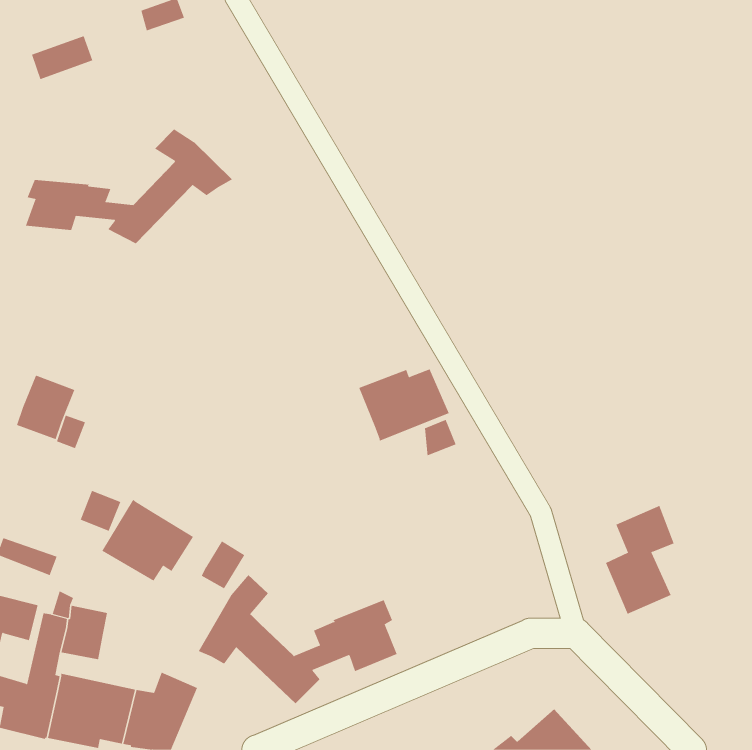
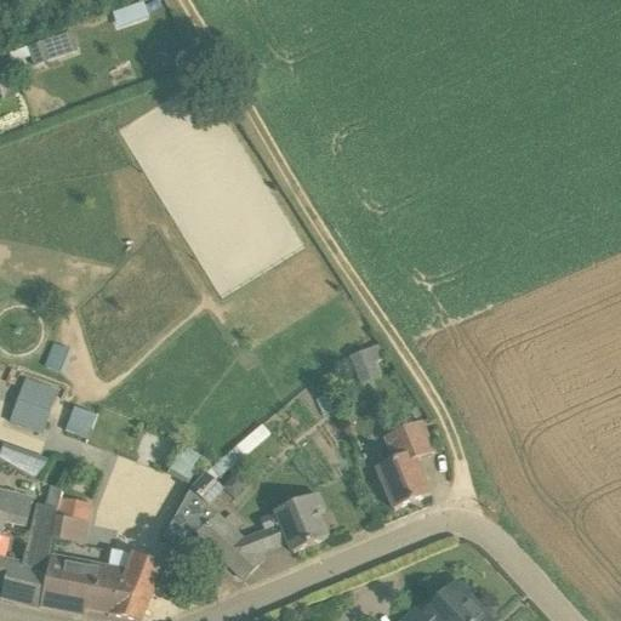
building: [25,129,233,244] -> none
building: [359,369,449,442] -> none
building: [16,375,75,440] -> [8,378,57,432]
building: [101,499,194,581] -> none
building: [605,505,674,614] -> [375,420,432,509]

